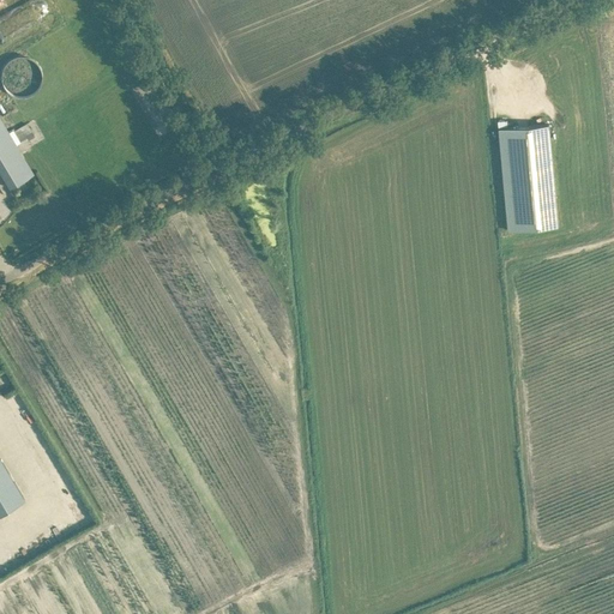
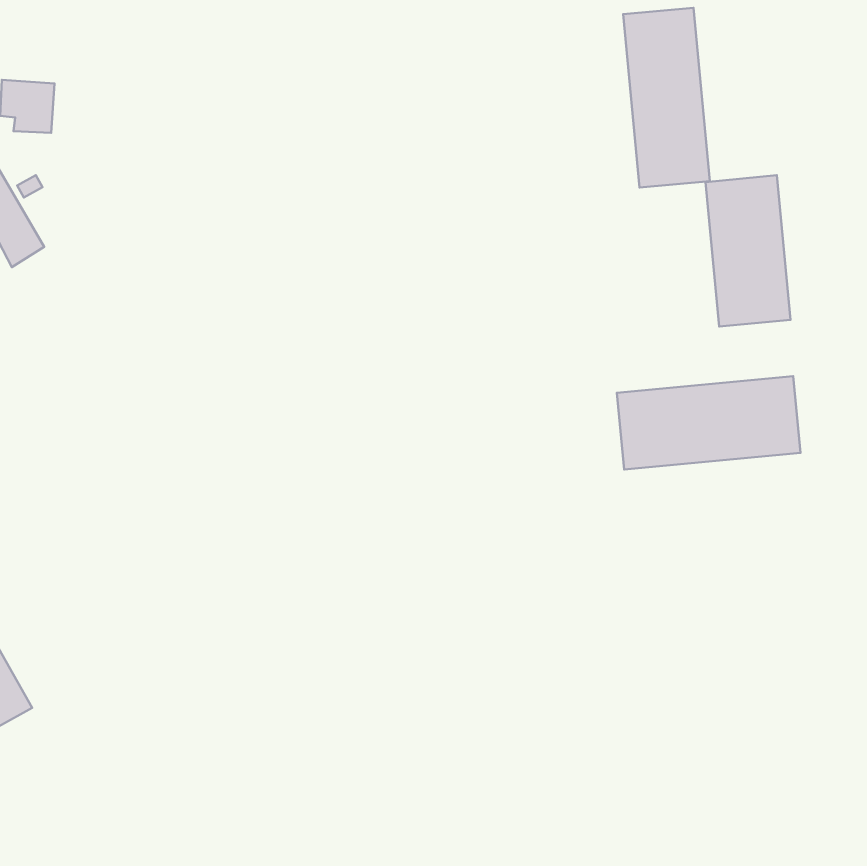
building: none -> [623,8,710,188]
building: none -> [617,376,800,469]

